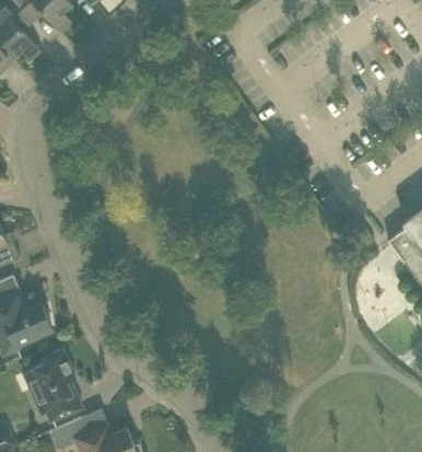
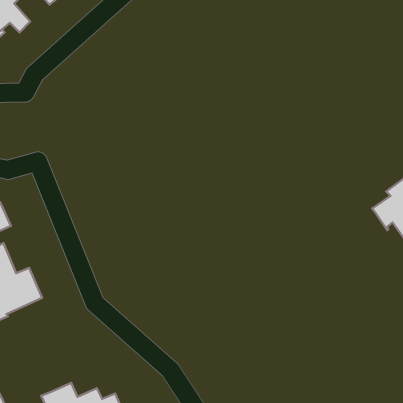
building: [22,350,81,422] -> none

